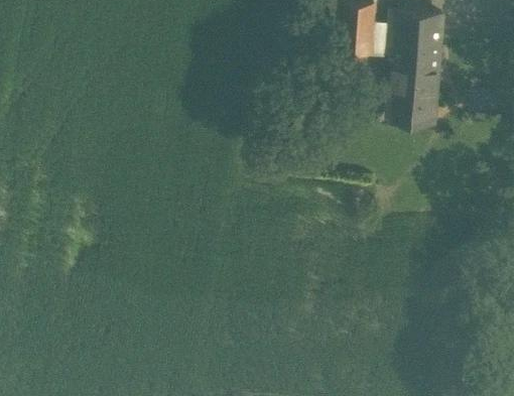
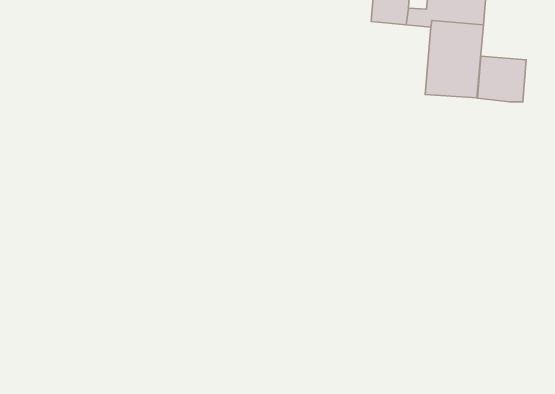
building: none -> [478,56,526,102]

